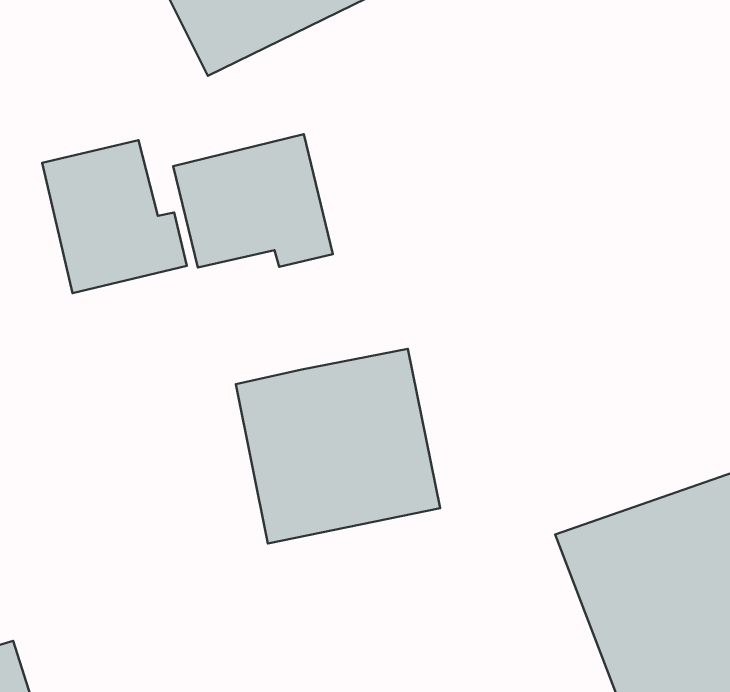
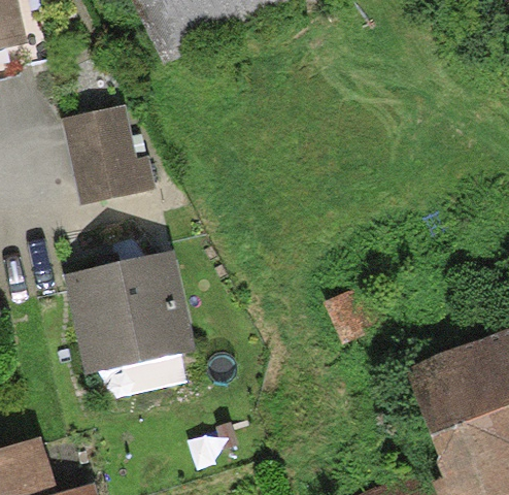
building: [173,134,333,267] -> none
building: [236,349,440,544] -> [65,252,196,376]

